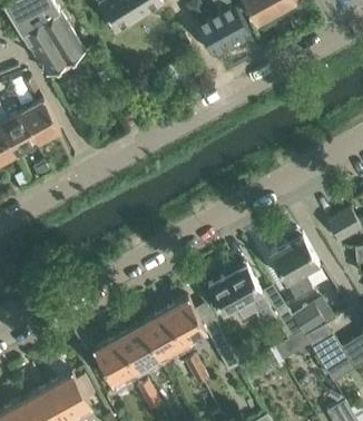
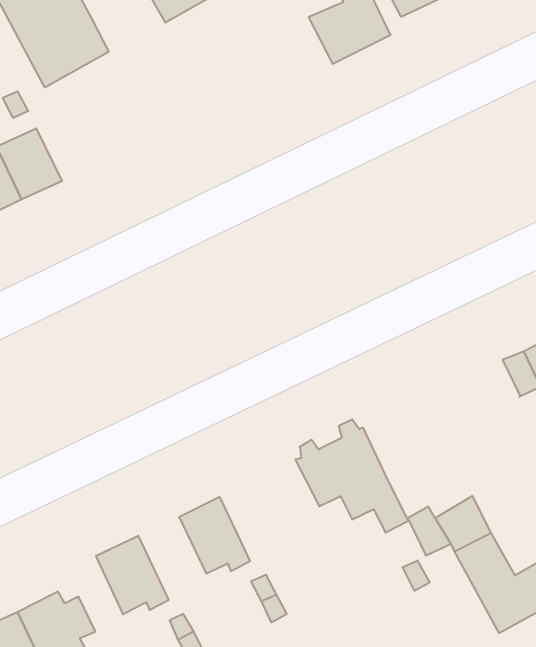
building: [271,231,322,301] -> none
building: [165,298,207,349] -> none
building: [118,325,159,374] -> none

